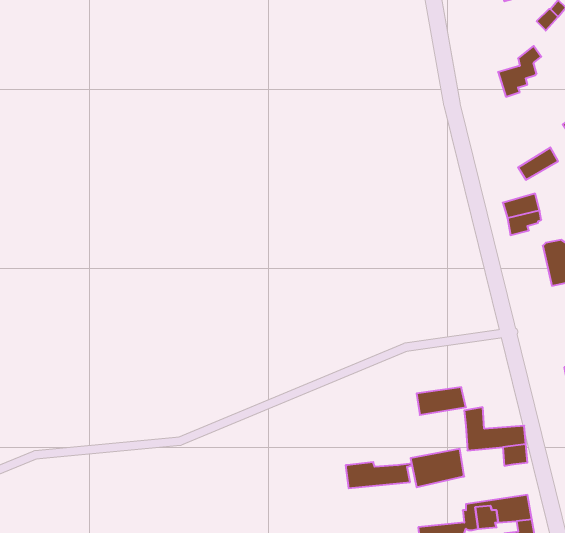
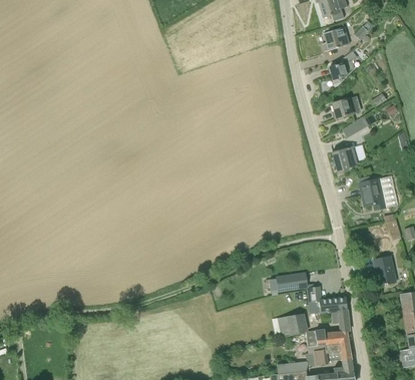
building: none -> [322,27,349,51]
building: none -> [331,95,360,118]
building: [346,462,412,488] -> [306,329,349,346]

